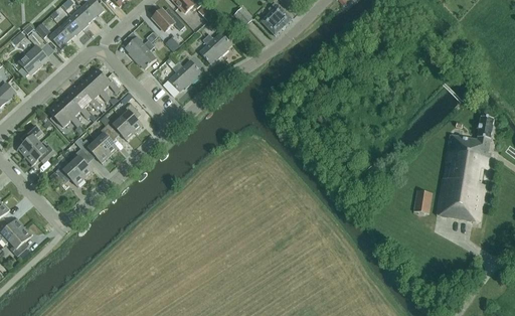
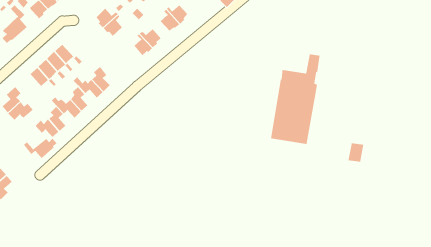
building: [87,68,121,93] -> none
building: [436,117,493,221] -> [270,53,321,145]
building: none -> [23,138,57,159]

